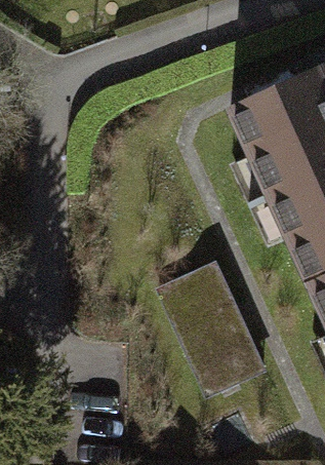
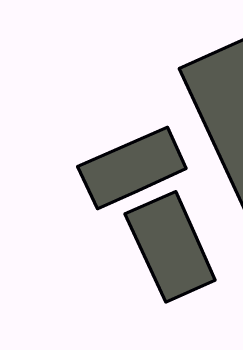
building: none -> [78,127,186,209]

